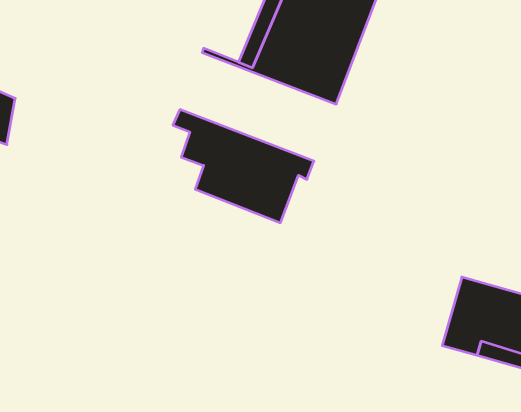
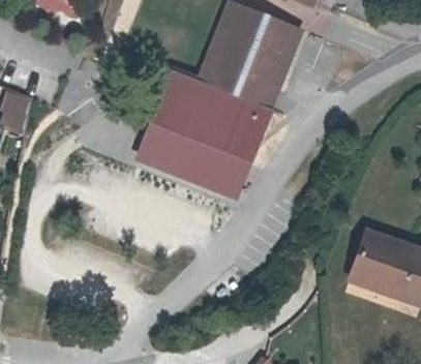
building: none -> [154,67,270,148]
building: none -> [134,121,172,169]

